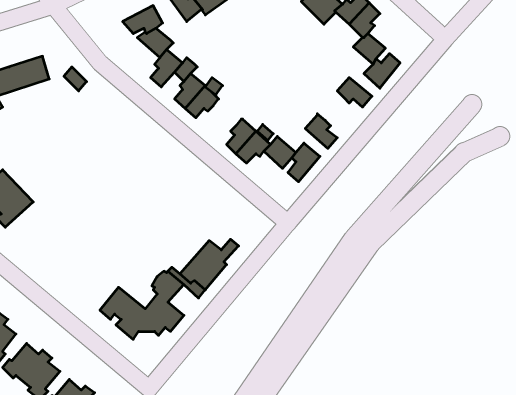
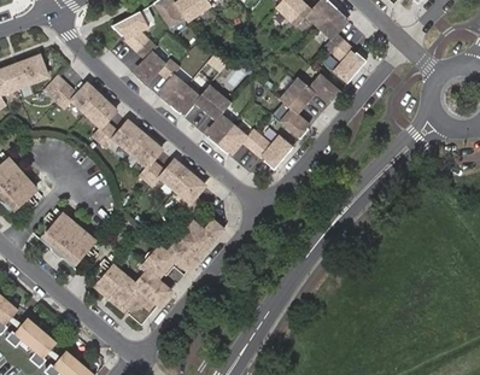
building: none -> [46,78,200,218]
building: none -> [277,78,314,115]
building: none -> [195,83,232,119]
building: none -> [39,213,90,265]

